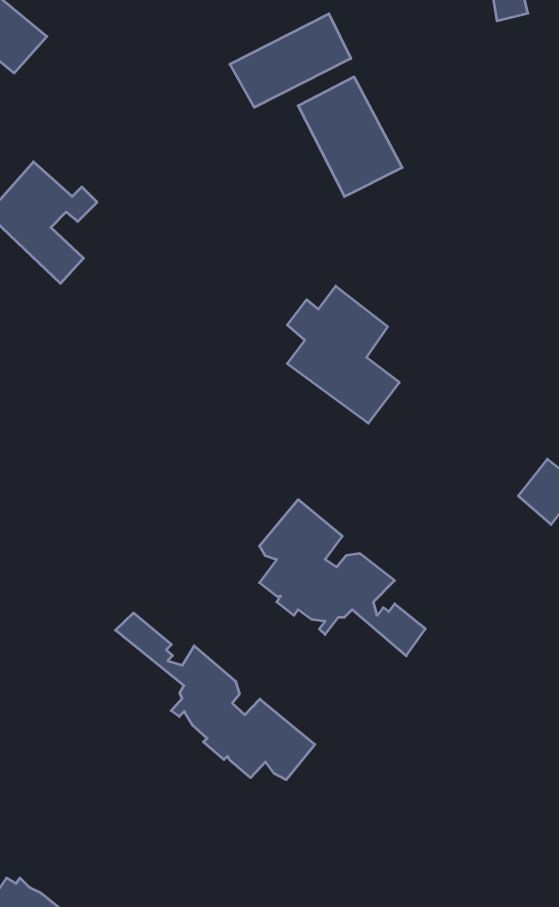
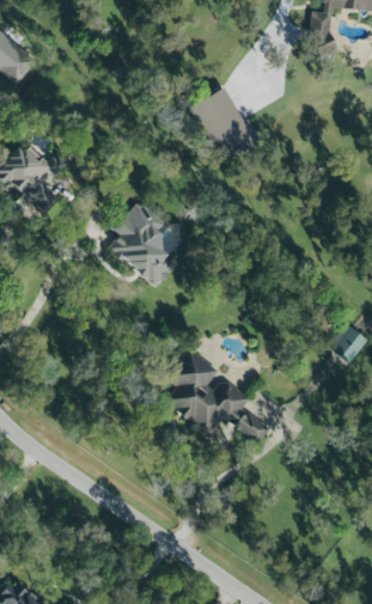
building: [230,14,351,107] -> none
building: [287,286,399,423] -> [108,201,177,286]
building: [115,613,315,780] -> none

